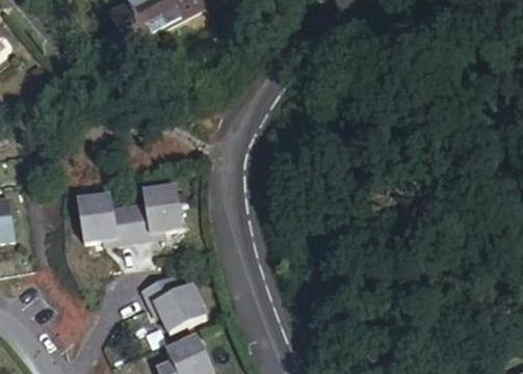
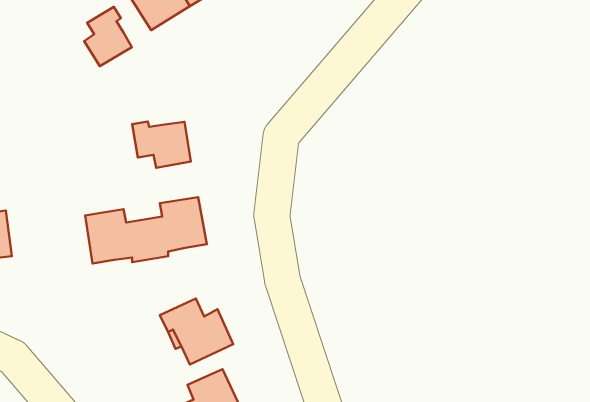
building: none -> [84,7,132,66]
building: none -> [132,122,191,168]

